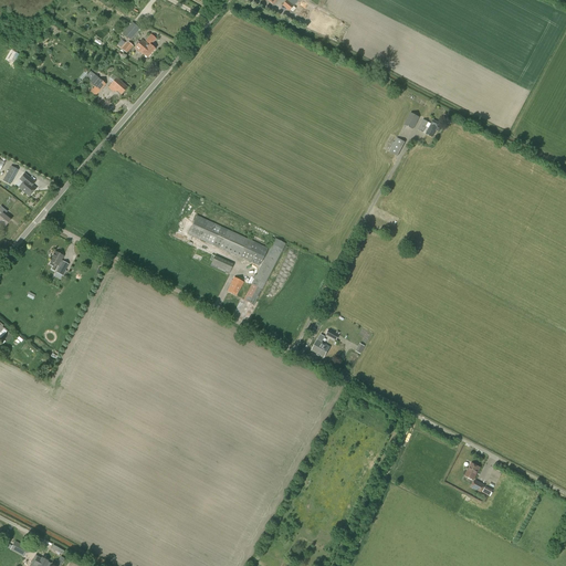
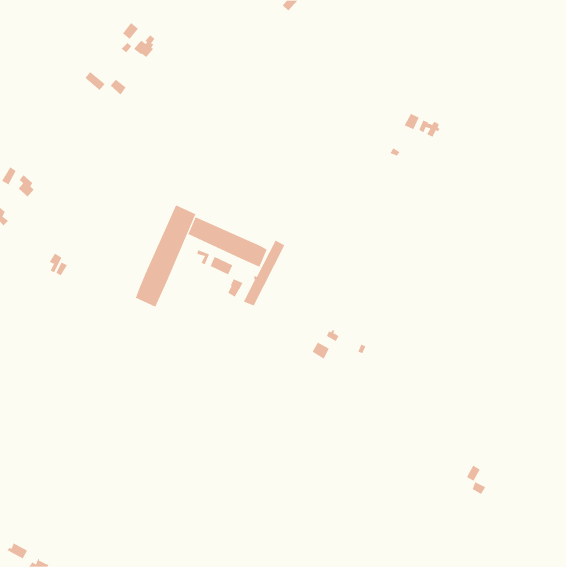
building: none -> [135,205,196,308]

